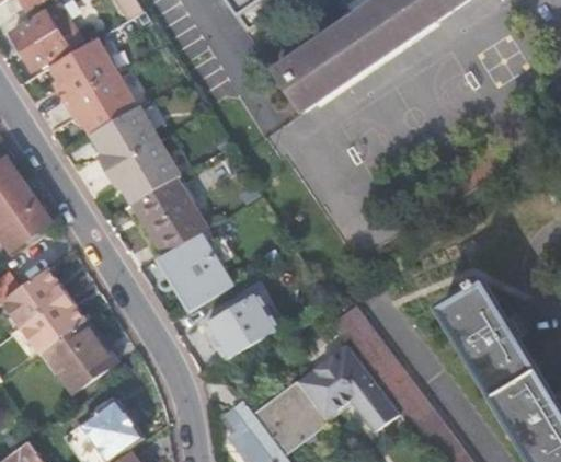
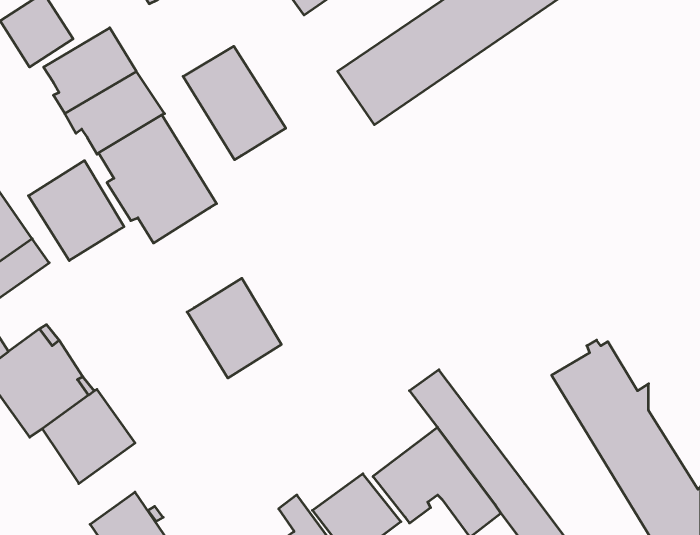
building: none -> [183,46,286,160]
building: [130,176,205,254] -> [28,161,124,261]
building: [204,289,279,357] -> none

